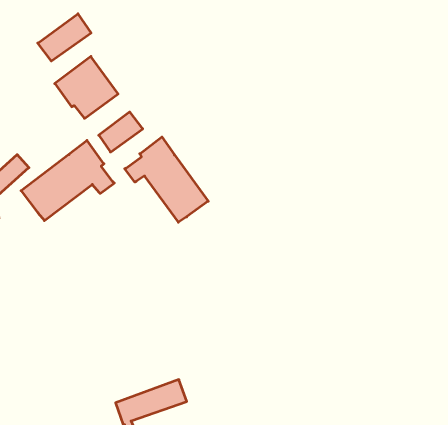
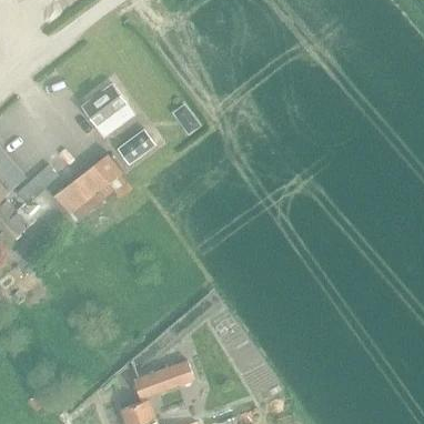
building: [38,14,91,61] -> none
building: [125,137,208,222] -> none

